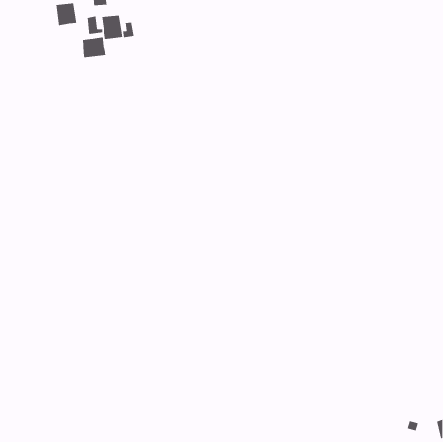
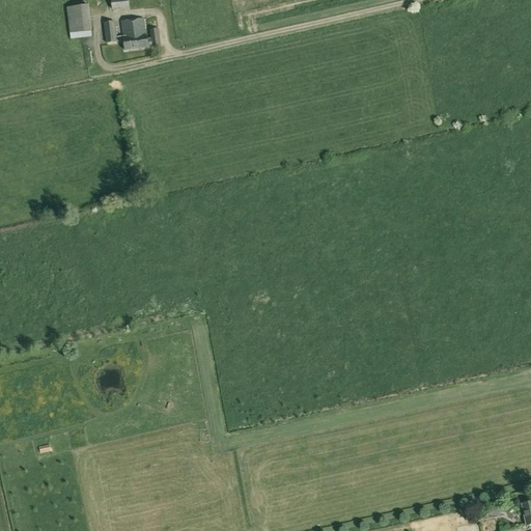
building: [82,37,106,58] -> none

